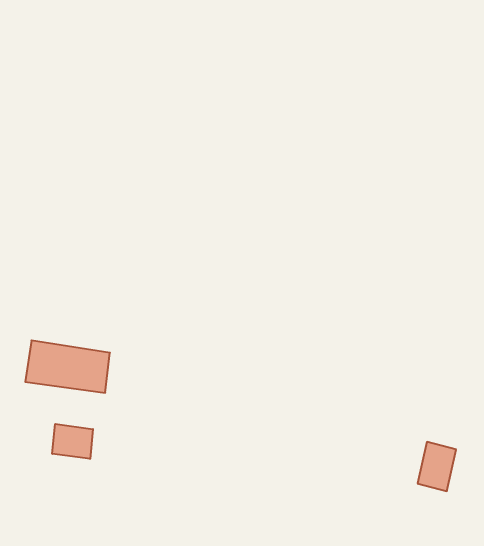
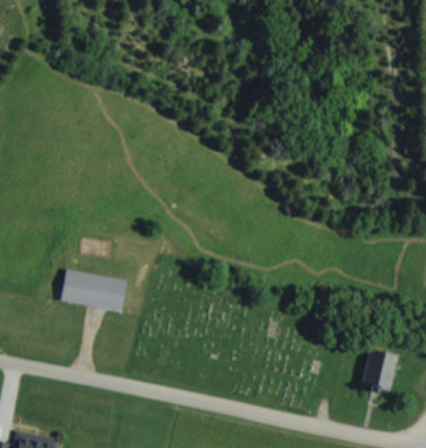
building: [52,424,93,459] -> none

